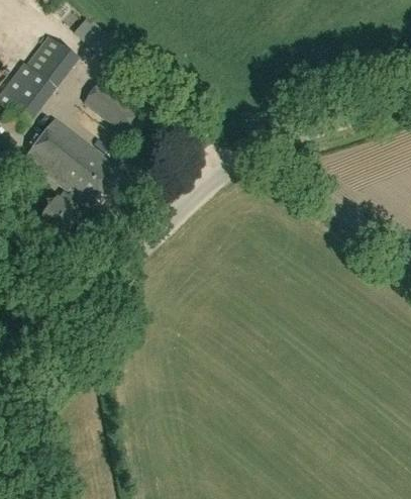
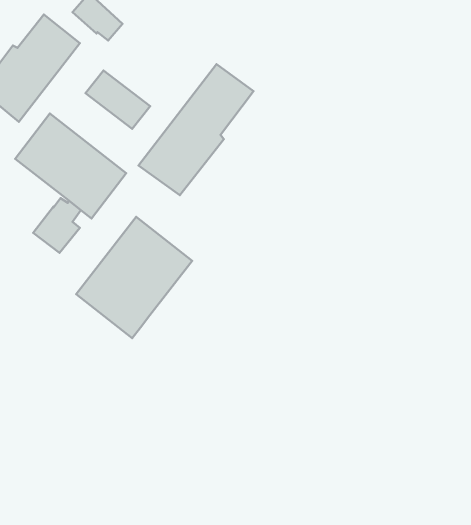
building: none -> [138,64,254,195]
building: none -> [76,217,192,338]

